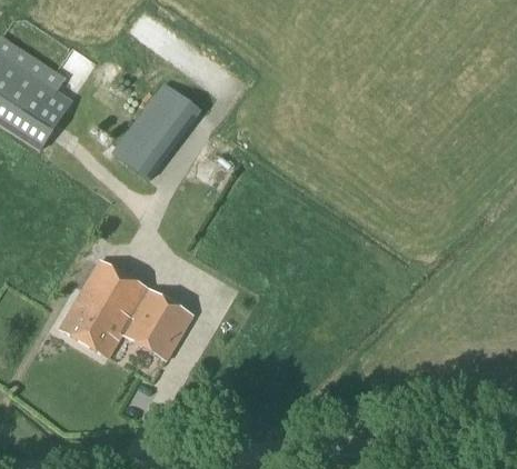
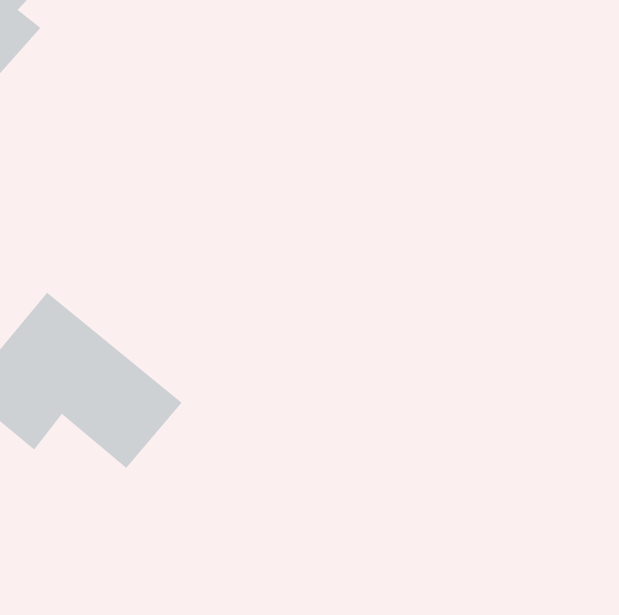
building: [112,82,201,179] -> none

